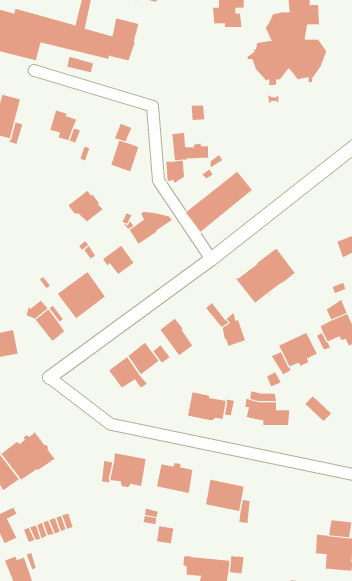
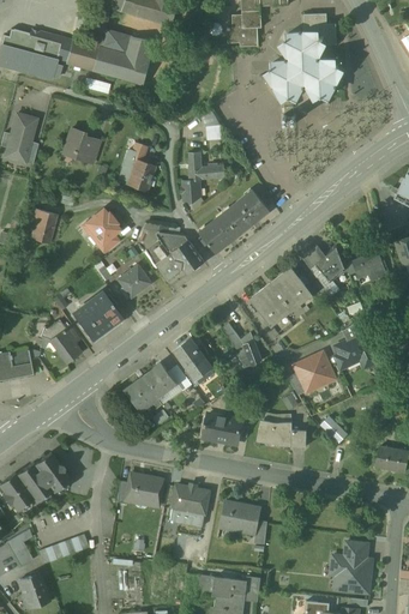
building: none -> [24,207,56,243]
building: none -> [155,240,204,287]
building: none -> [303,245,345,296]

